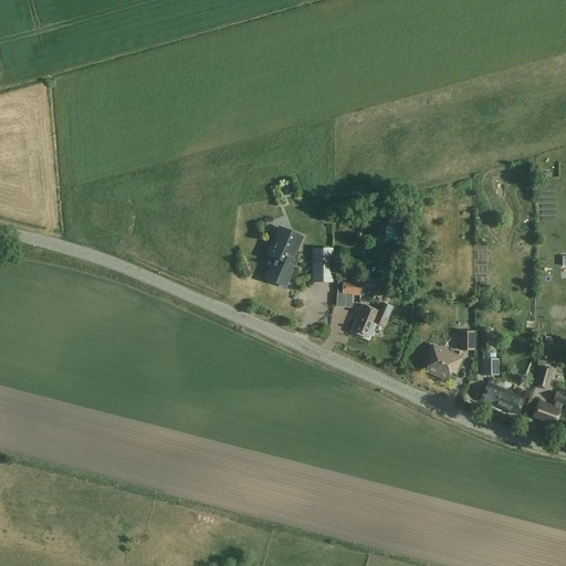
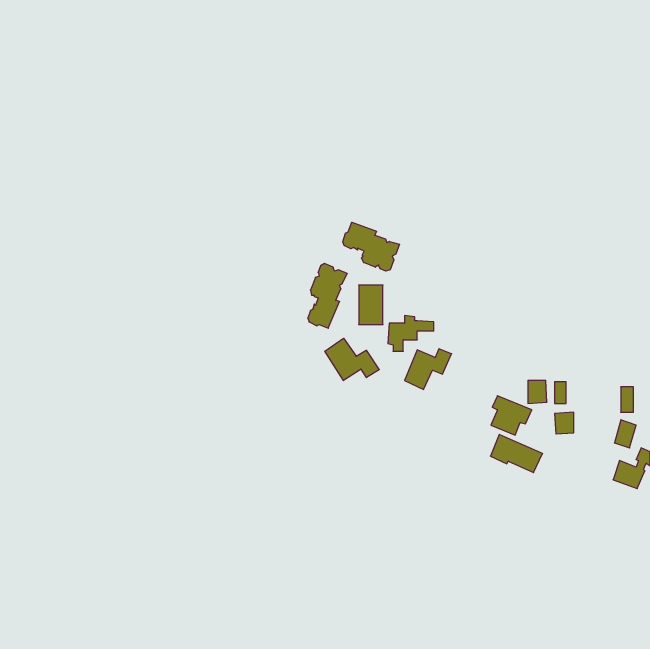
building: none -> [343,222,399,271]
building: none -> [325,338,379,381]
building: [480,381,525,415] -> [490,434,543,473]

